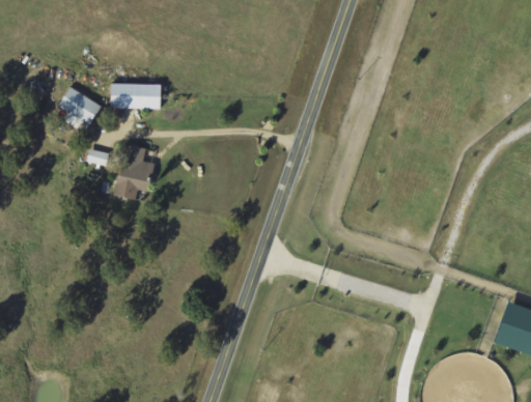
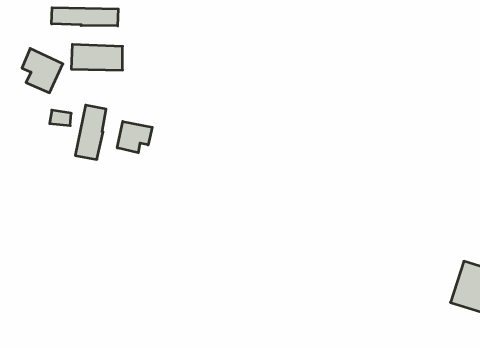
building: none -> [52,8,118,26]
building: none -> [117,121,152,153]

